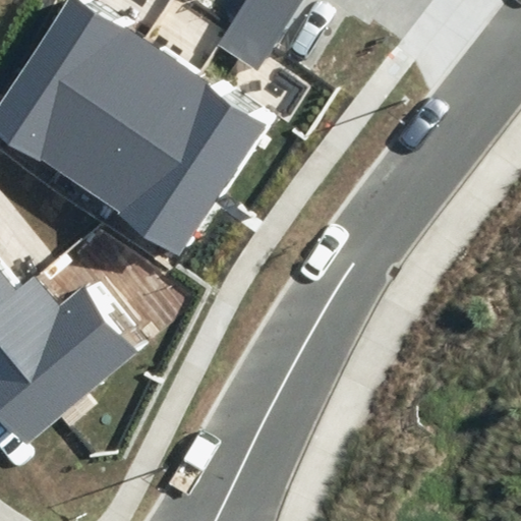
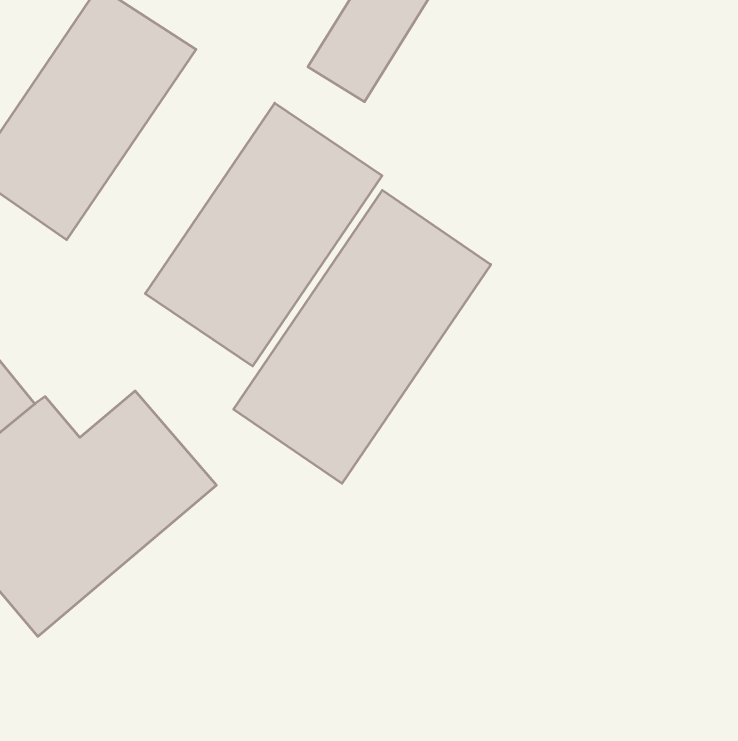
building: [47,35,192,206] -> none
building: none -> [234,190,491,483]

